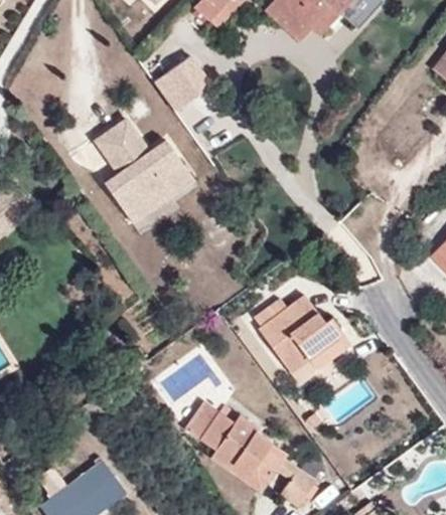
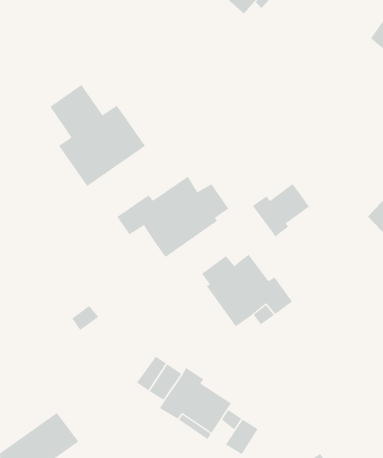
building: [156,56,215,113] -> none
building: none -> [116,176,229,258]
building: none -> [252,183,310,237]

